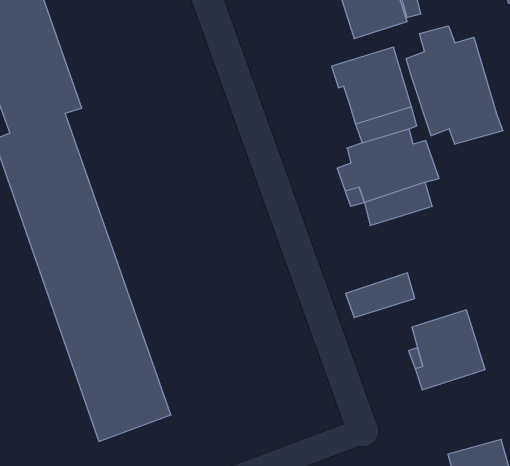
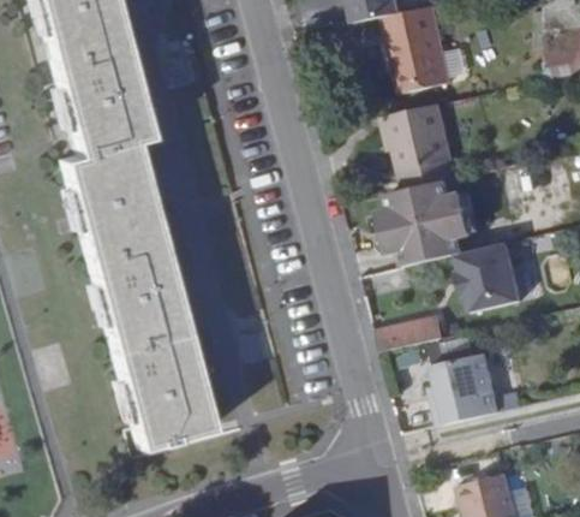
building: [406,26,503,144] -> none
building: none -> [458,242,522,311]

